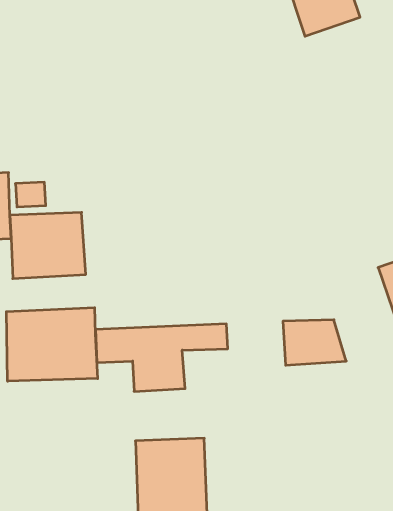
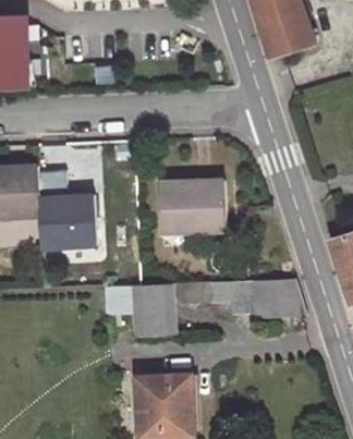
building: none -> [158,179,227,233]
building: [6,308,98,381] -> none
building: none -> [209,281,256,316]

